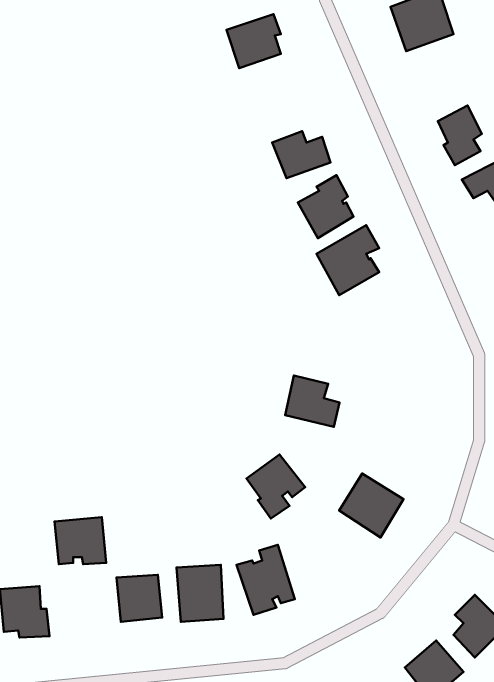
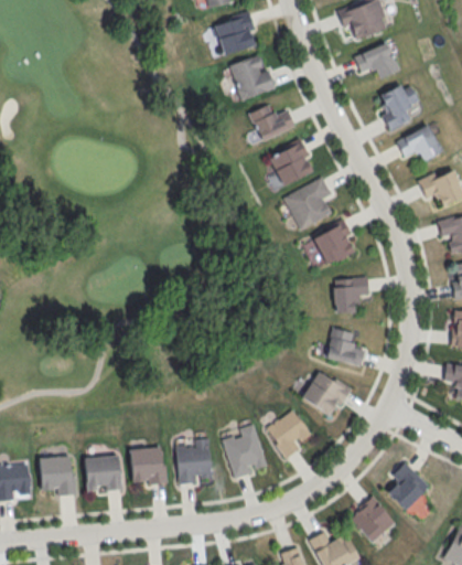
building: none -> [353,43,400,85]
building: none -> [222,56,275,103]
building: none -> [312,220,359,266]
building: none -> [333,277,369,313]
building: [285,375,339,427] -> [324,327,366,366]
building: [247,454,305,519] -> [267,408,312,458]
building: [55,517,106,564] -> [84,455,123,491]

